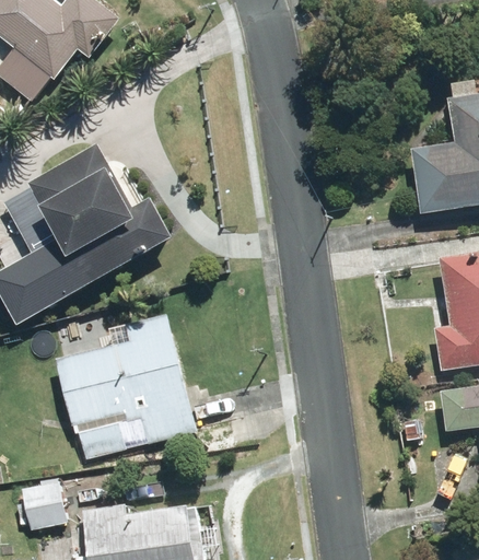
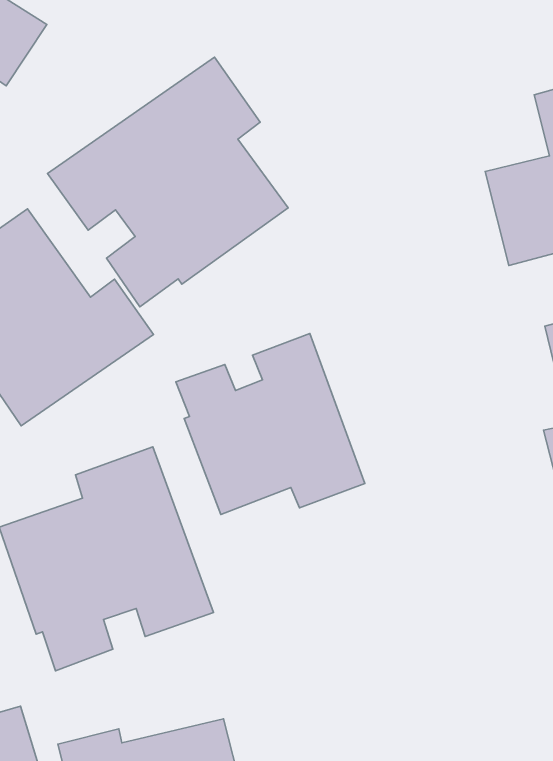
building: none -> [48,57,288,307]
building: none -> [176,333,365,515]

